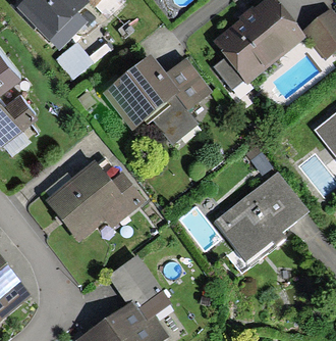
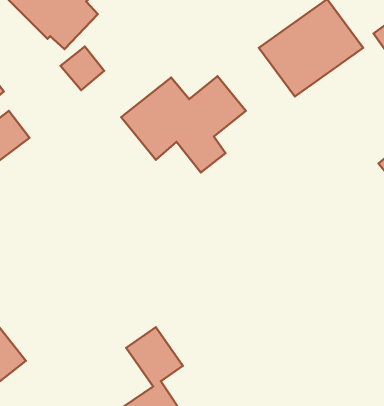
building: [47,163,135,238] -> none
building: [213,177,306,265] -> none

